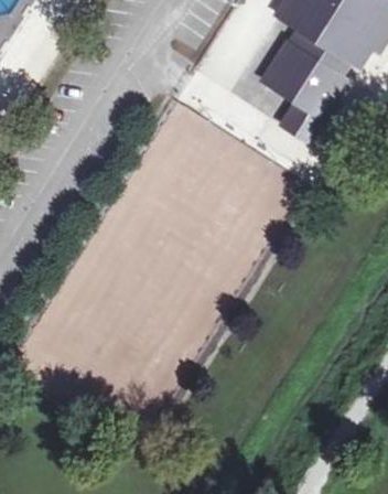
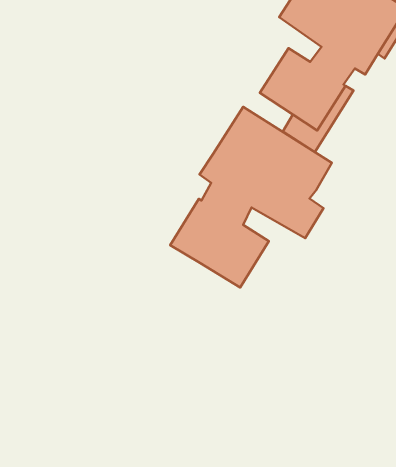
building: none -> [170,107,332,287]

